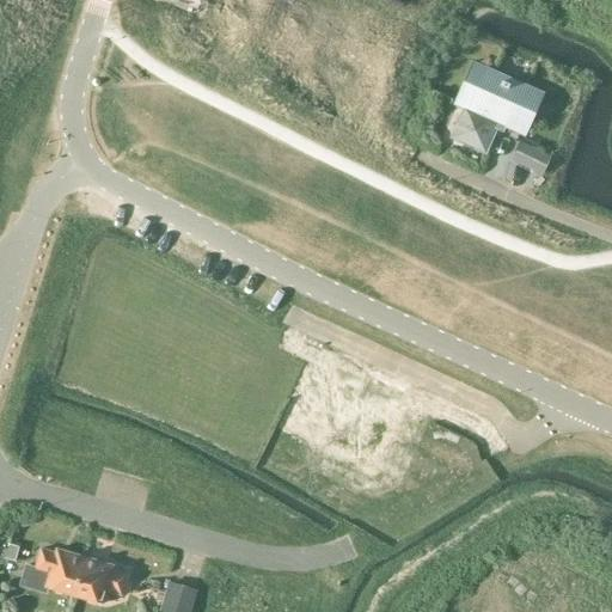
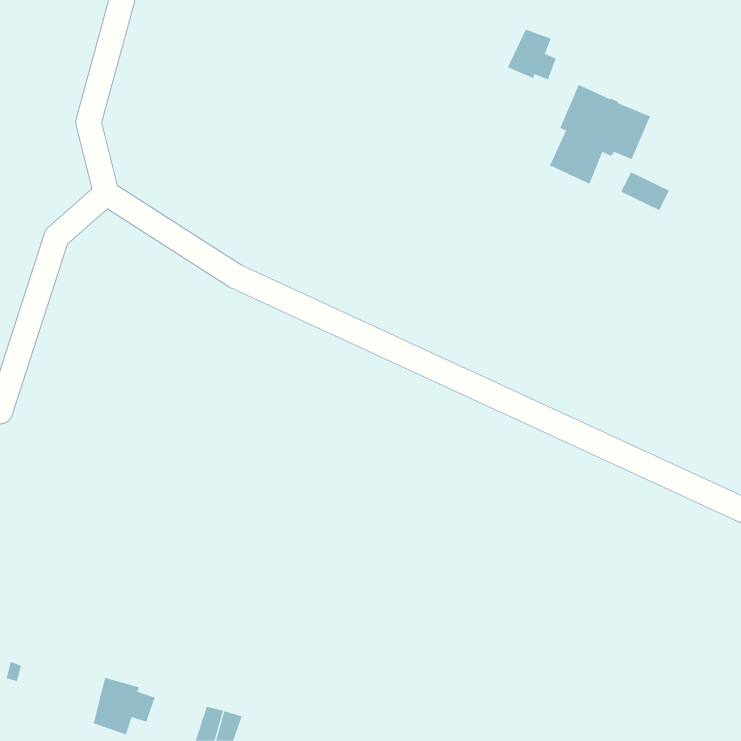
building: none -> [507,29,556,80]
building: [20,547,87,595] -> none

